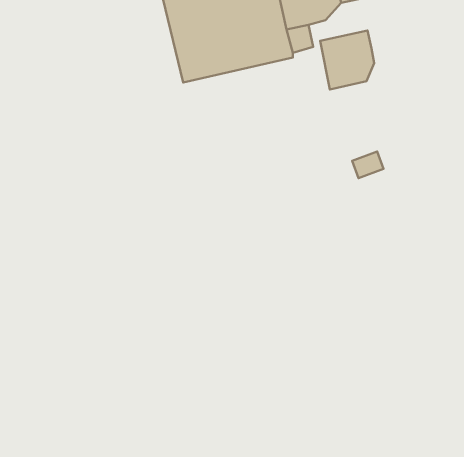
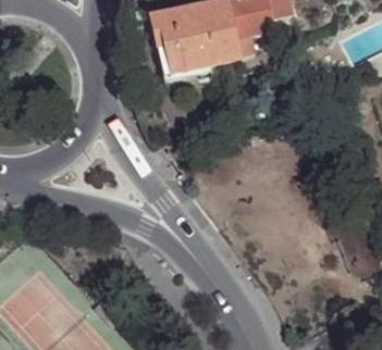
building: [320,30,374,89] -> none

